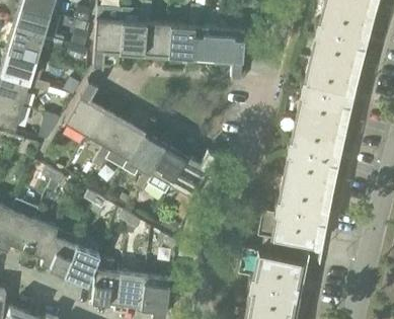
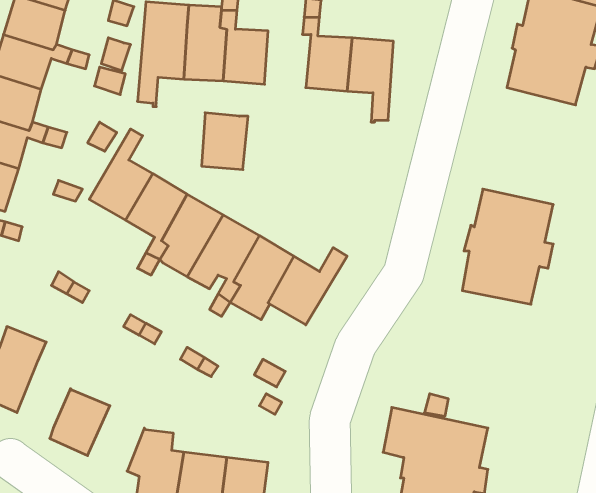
building: [169,25,196,59] -> [202,113,248,170]
building: [298,59,352,128] -> none
building: [259,178,327,246] -> none
building: [23,220,59,259] -> none
building: [65,246,101,285] -> none

